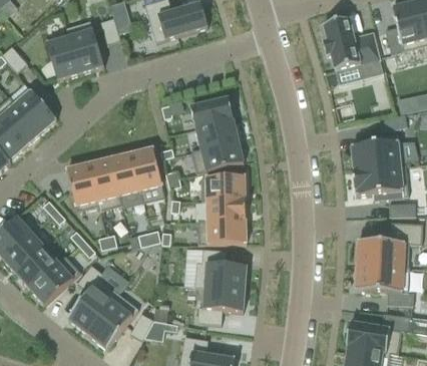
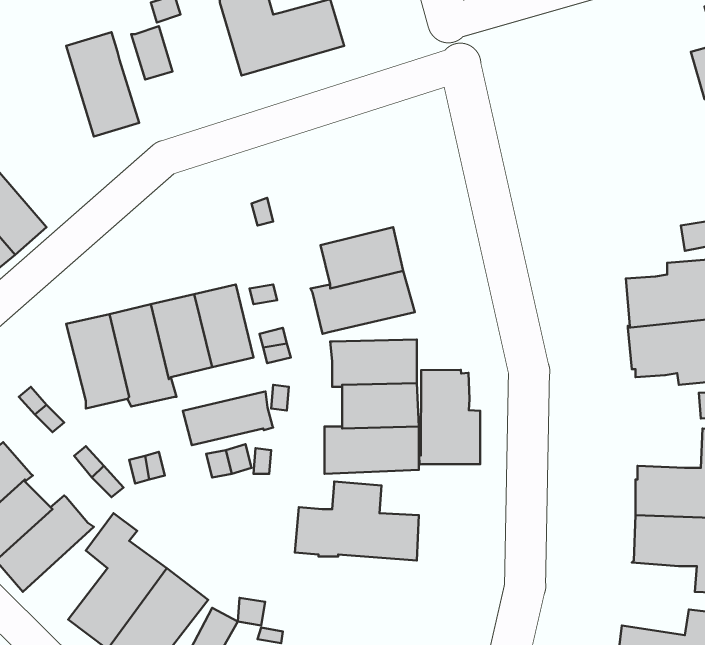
building: [324,18,384,84] -> none
building: [45,27,81,80] -> none
building: [191,97,234,128] -> none
building: none -> [419,370,480,464]
building: none -> [183,391,273,445]
building: [197,286,246,324] -> none

